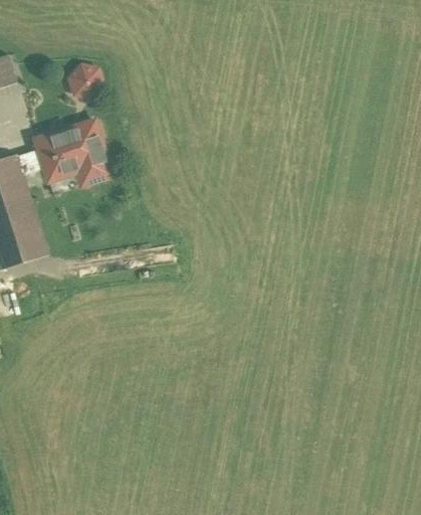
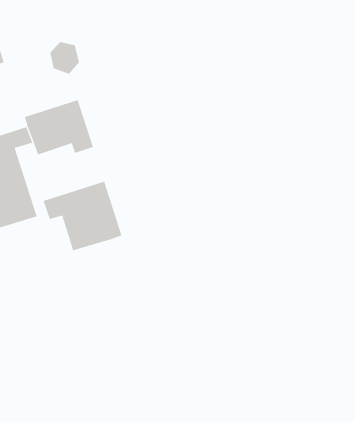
building: none -> [43,181,122,251]

